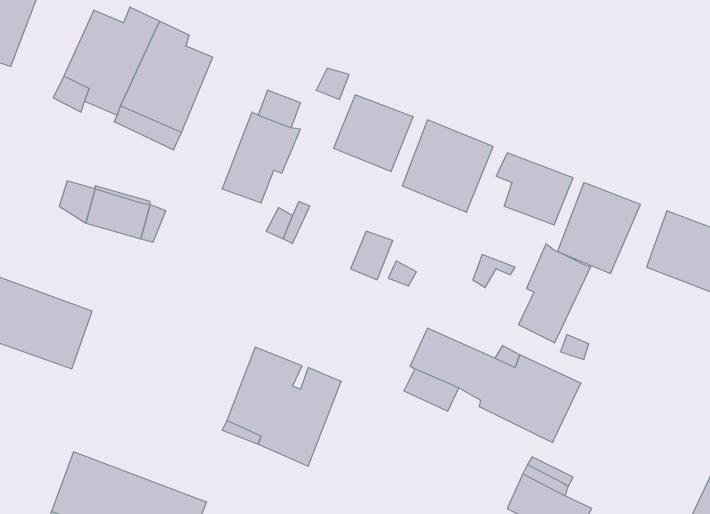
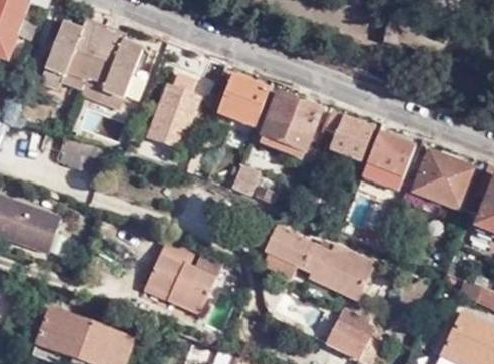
building: [518,244,591,343] -> none

